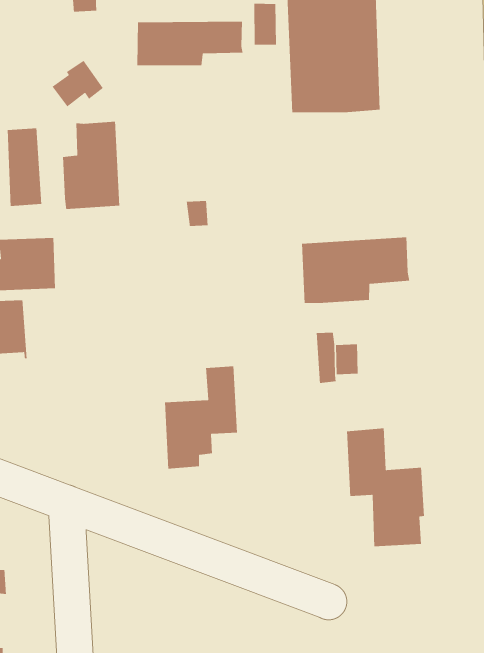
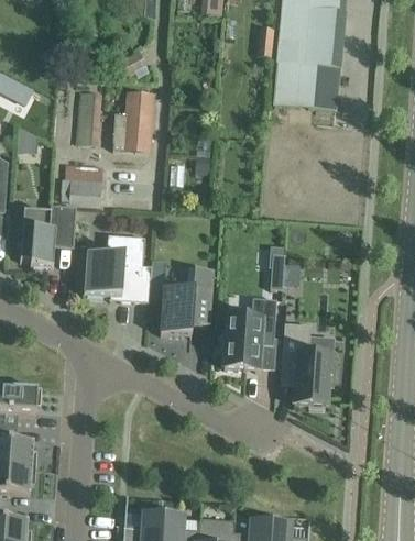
building: [136,21,243,66] -> none
building: [301,237,410,304] -> none
building: none -> [83,235,151,302]
building: none -> [221,298,276,371]

